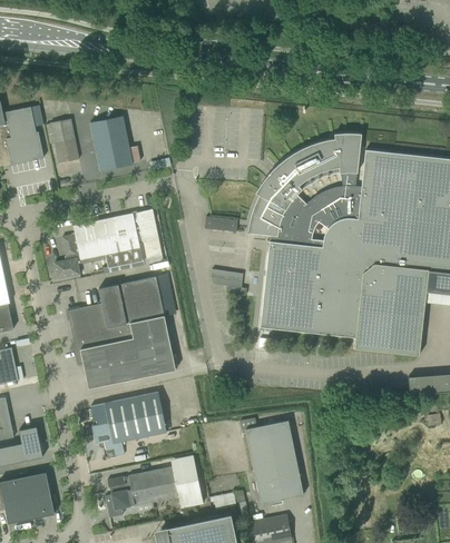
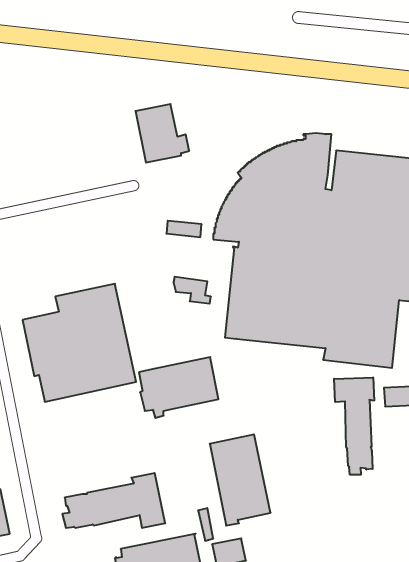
building: [89,116,140,171] -> [135,104,189,163]
building: [50,118,79,162] -> none
building: [55,209,163,278] -> none
building: none -> [334,377,374,475]
building: [90,392,166,450] -> [139,357,218,418]

